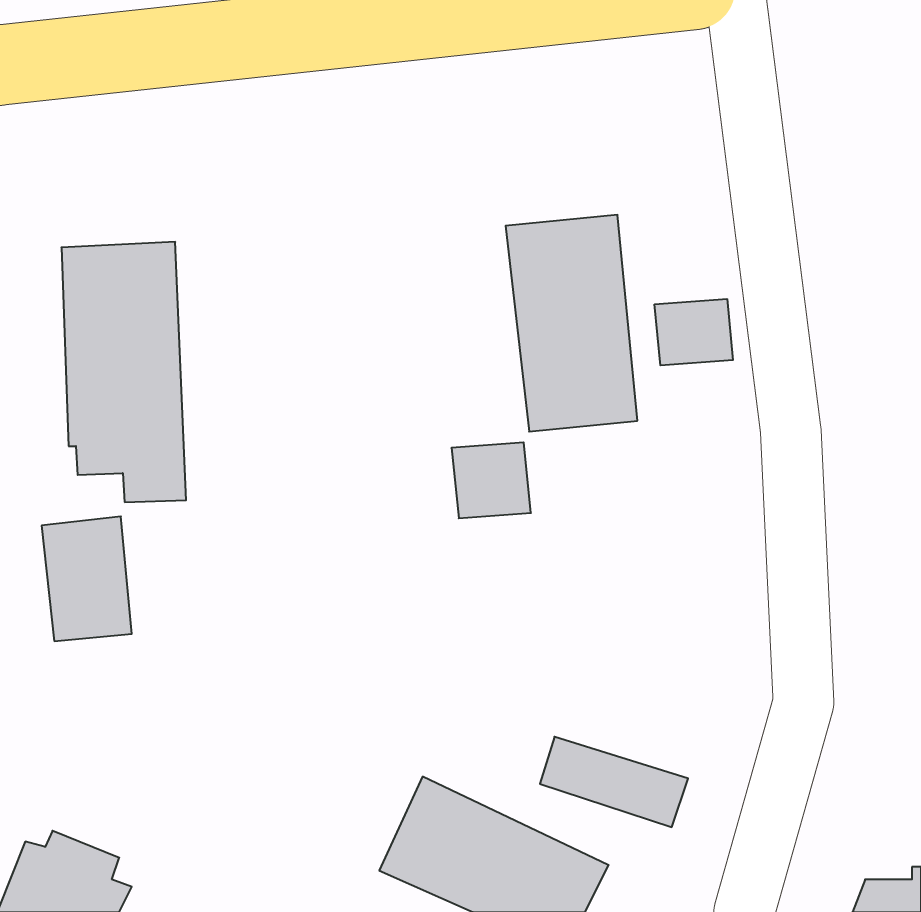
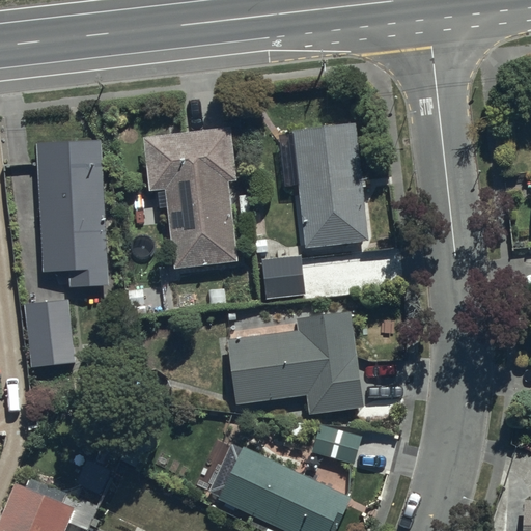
building: none -> [141,128,236,270]
building: [655,299,733,365] -> none
building: none -> [226,314,362,415]

